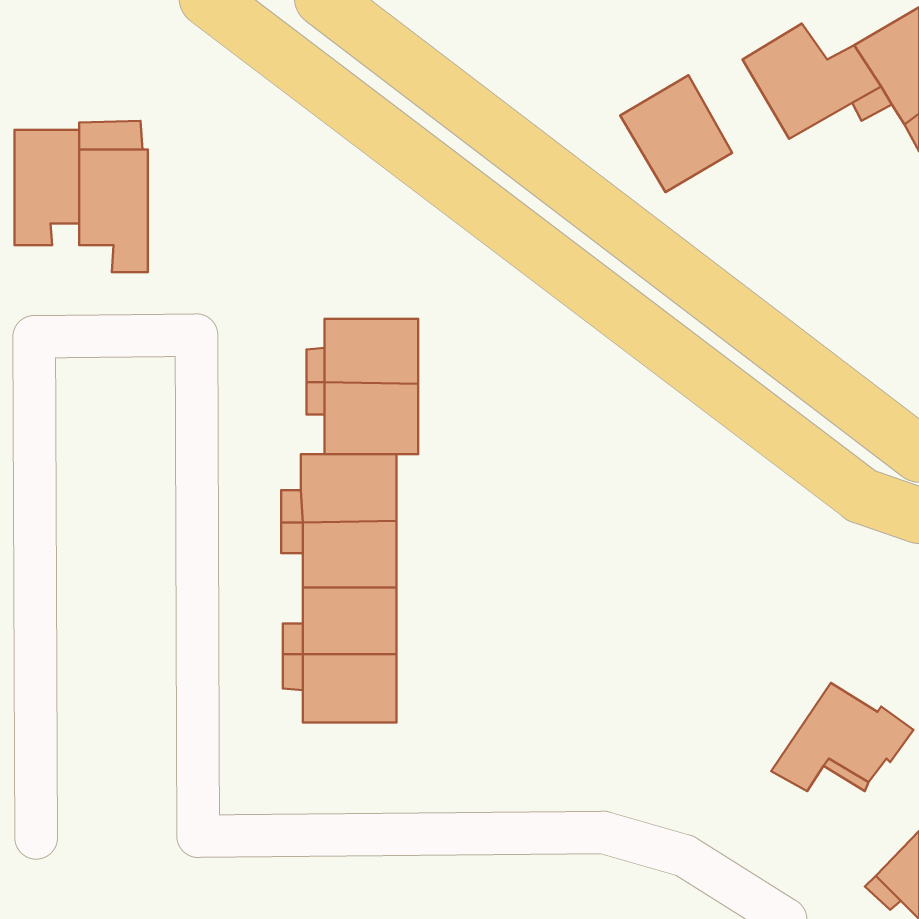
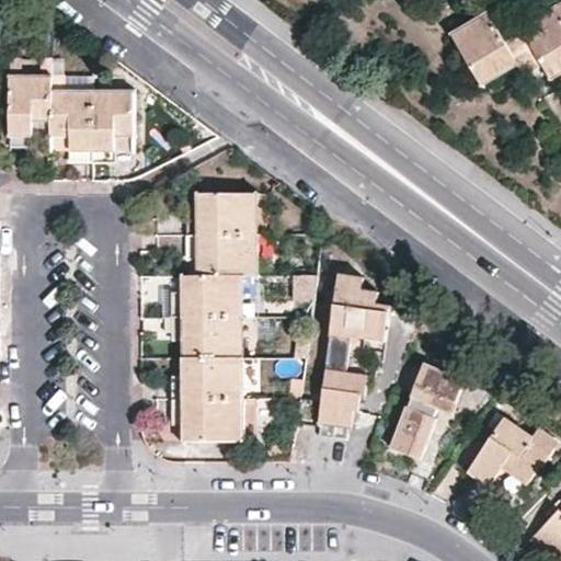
building: [620,75,732,192] -> none
building: none -> [90,91,133,165]
building: none -> [318,271,390,423]
building: none -> [393,360,465,455]

